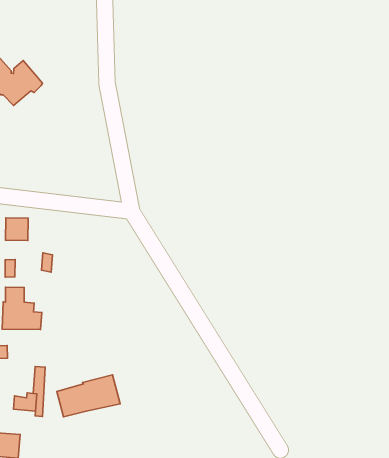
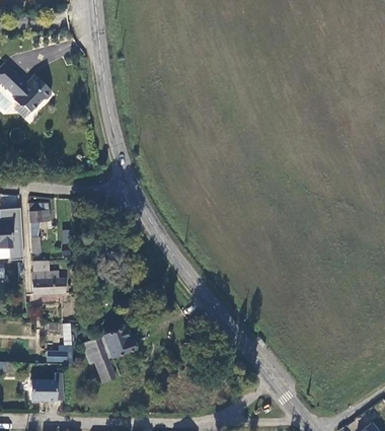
building: none -> [87,357,114,384]

